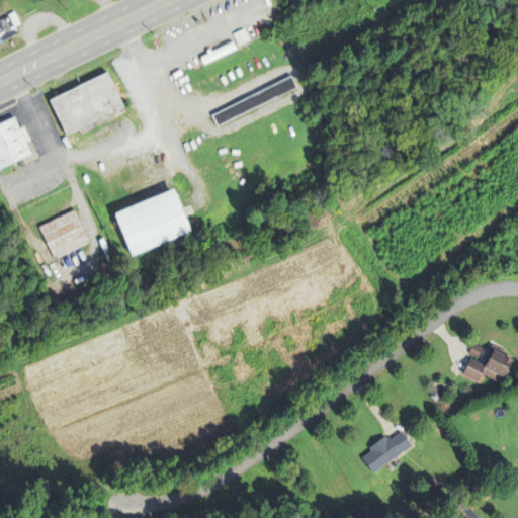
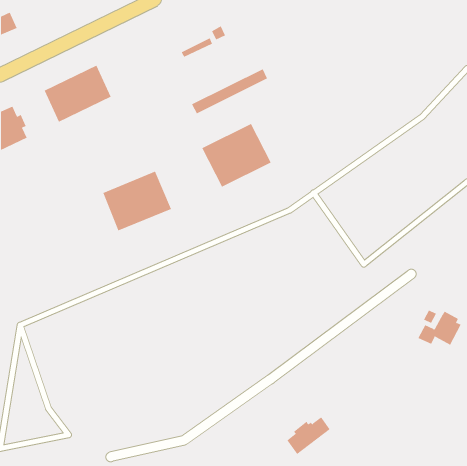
building: none -> [201,123,272,187]
building: [38,209,90,259] -> none
building: [362,431,411,473] -> [287,416,331,455]

